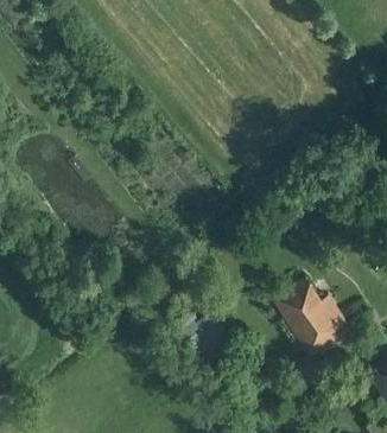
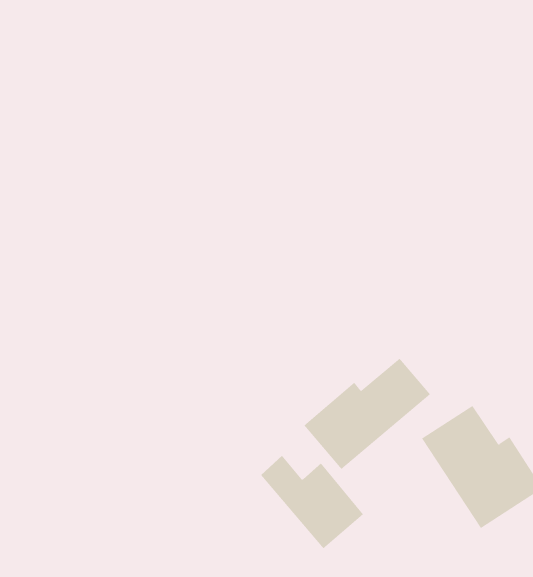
building: none -> [304,358,431,470]

